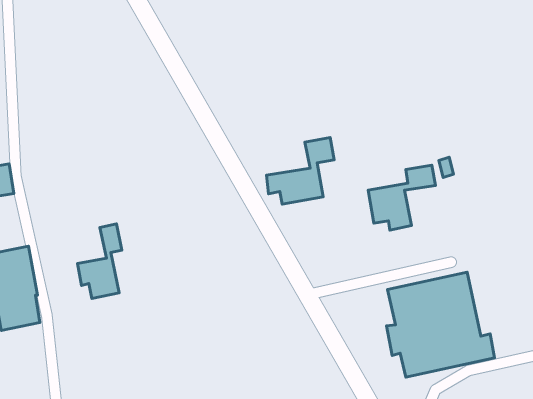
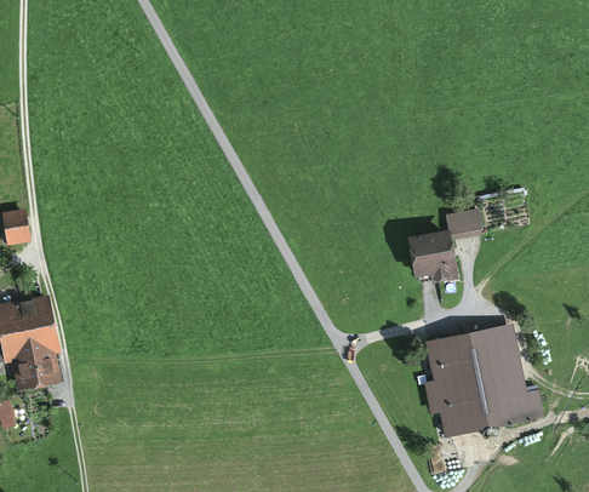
building: [266,138,334,204] -> none
building: [78,224,122,298] -> none

